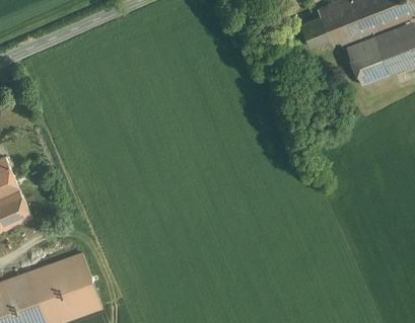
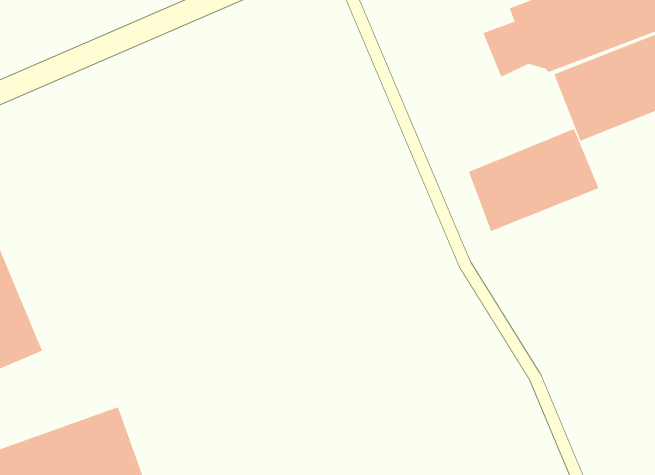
building: none -> [468,128,599,232]

